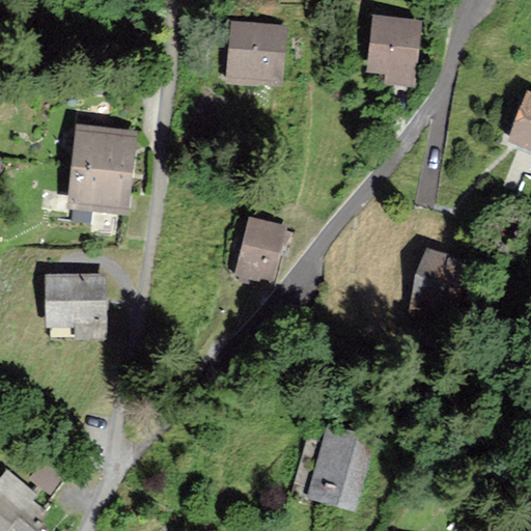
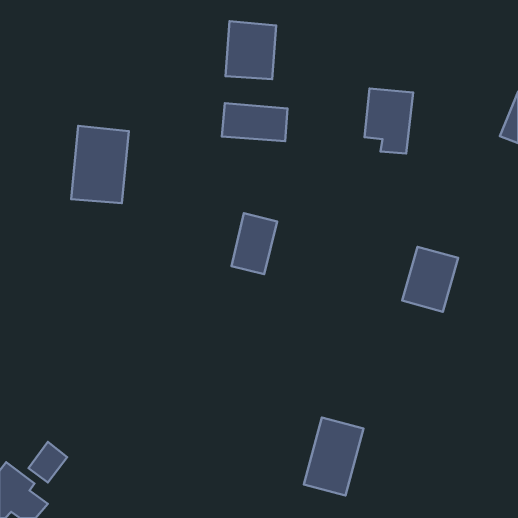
building: [369,18,419,84] -> [364,88,413,153]
building: none -> [222,103,288,141]
building: [48,277,103,335] -> none

